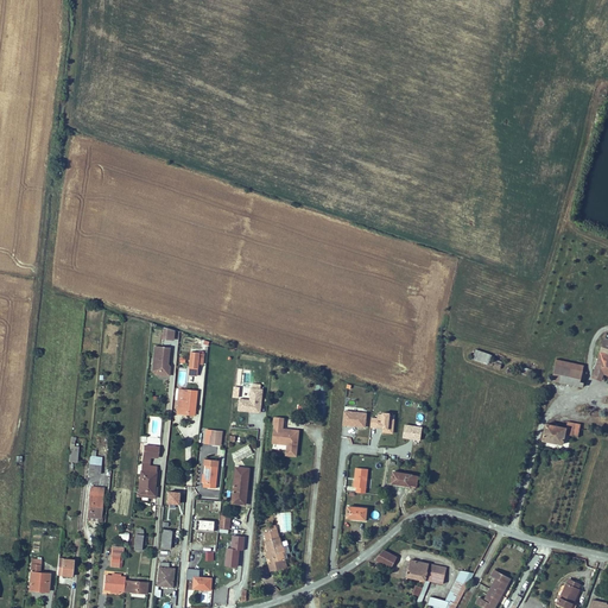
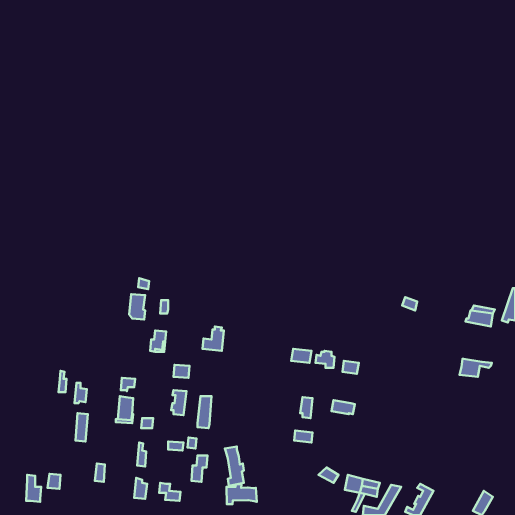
building: [272,417,299,457] -> none
building: none -> [226,484,257,504]
building: [104,575,147,595] -> none

